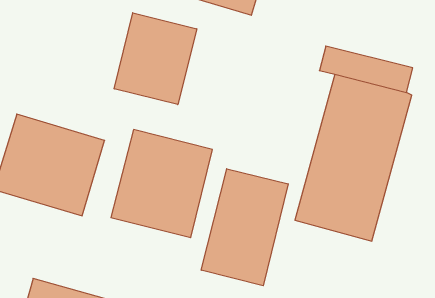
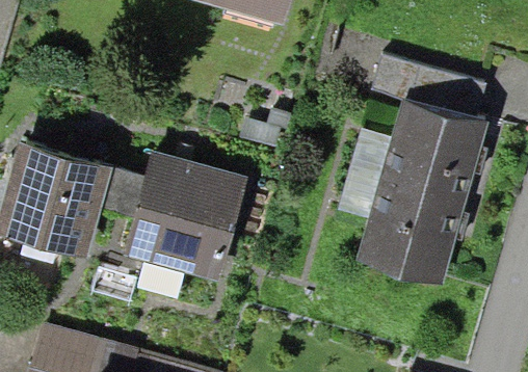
building: [114,13,197,105] -> none
building: [201,169,288,286] -> none

